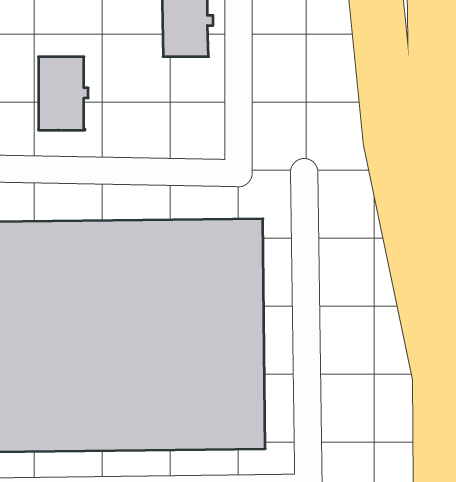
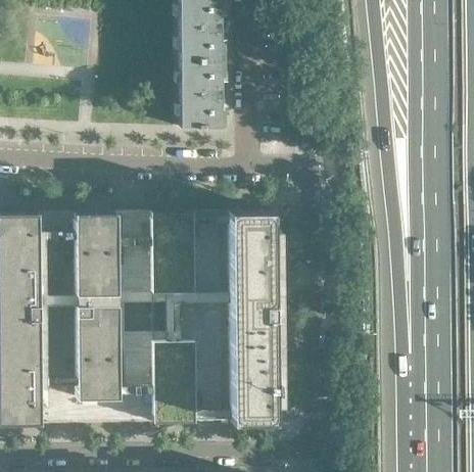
building: [38,57,88,130] -> [182,62,228,130]

